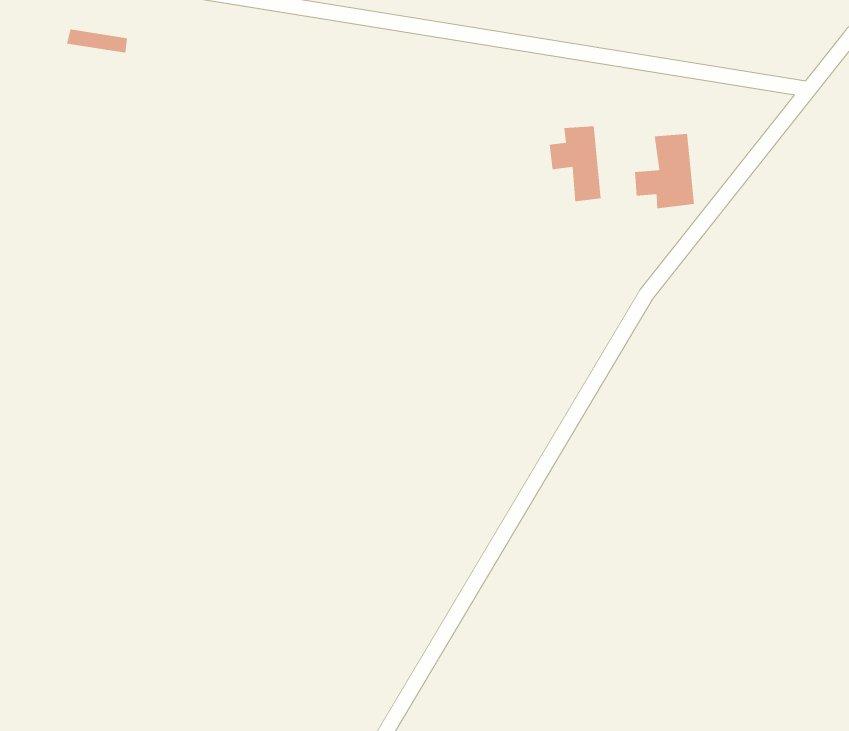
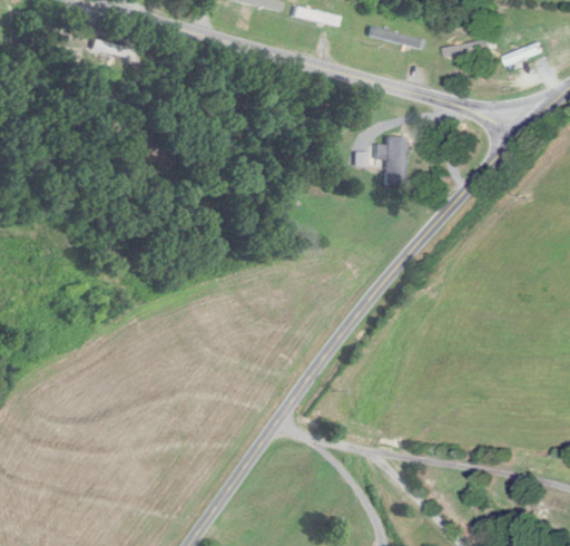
building: [634,133,694,209] -> none

